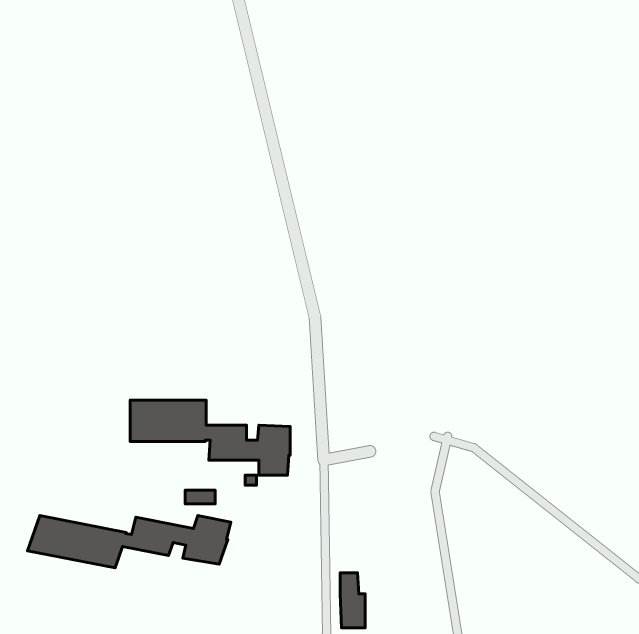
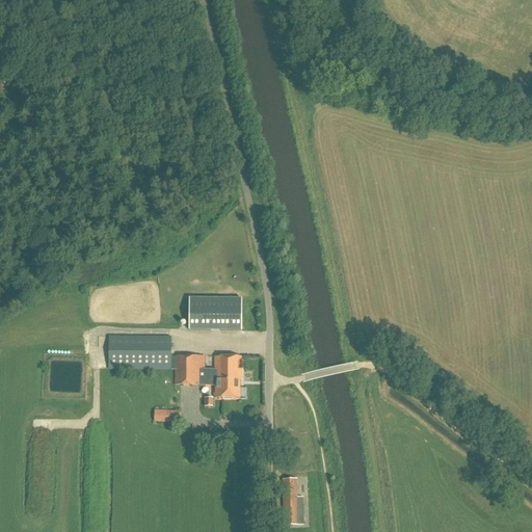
building: none -> [189,295,242,327]
building: [27,516,231,568] -> none

